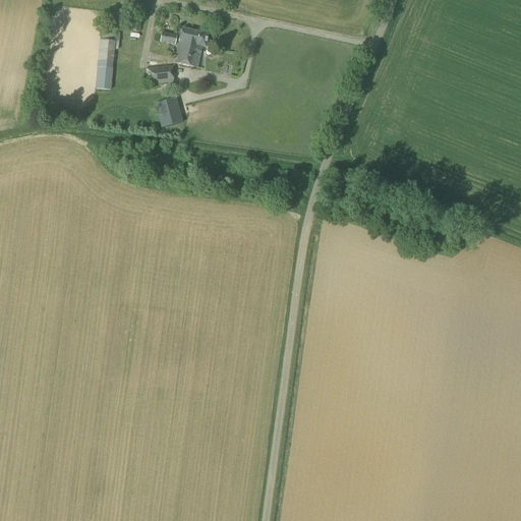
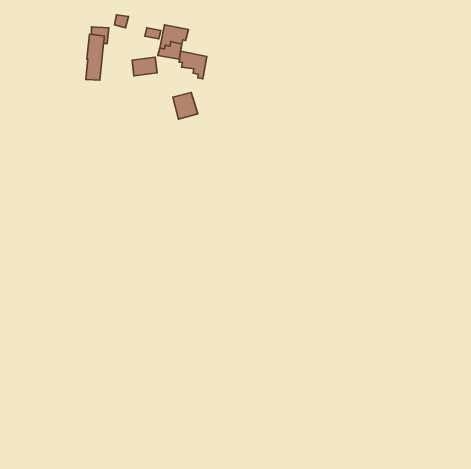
building: none -> [179,51,207,79]
building: [156,97,183,126] -> [173,93,198,119]

